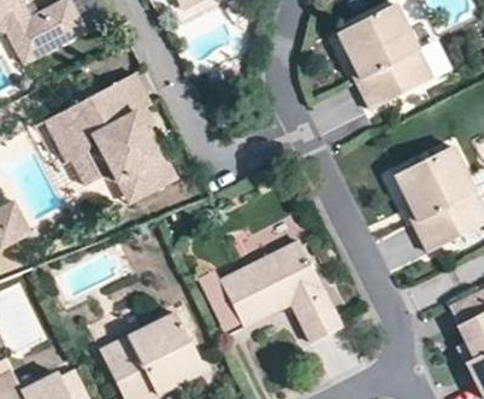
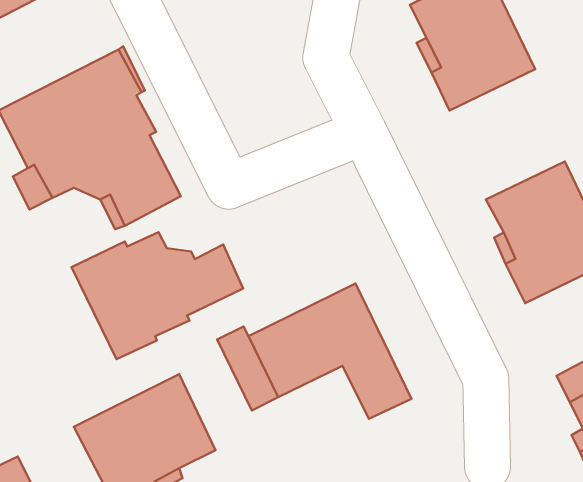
building: none -> [72,232,243,359]

